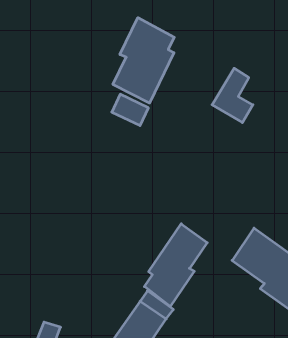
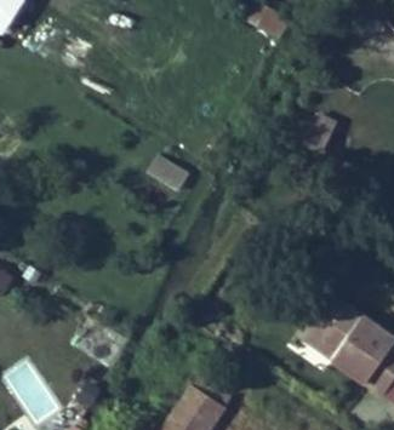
building: [113,18,174,103] -> none
building: [144,224,207,306] -> none

